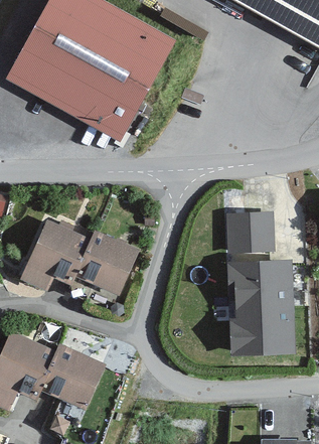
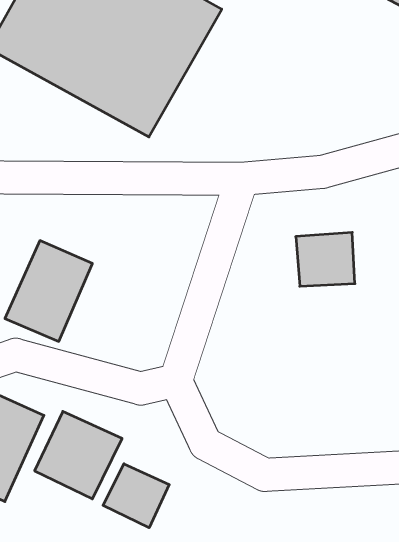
building: [71,229,139,295] -> none
building: [231,261,297,345] -> none
building: none -> [103,464,169,528]

